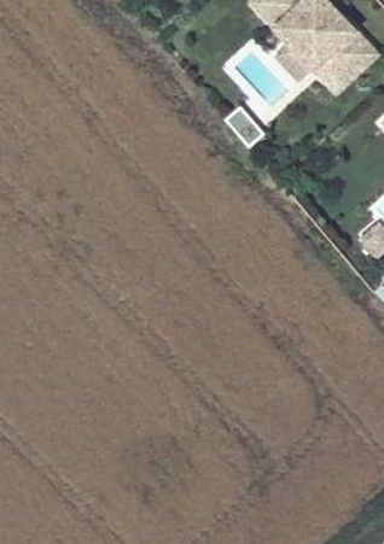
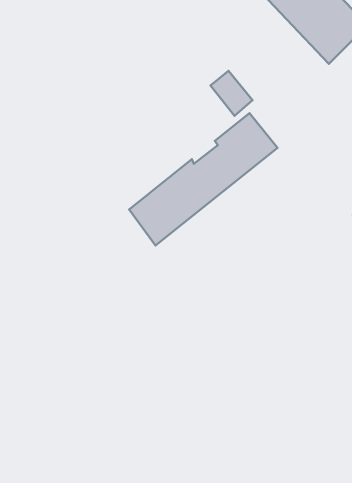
building: none -> [129,113,278,245]

